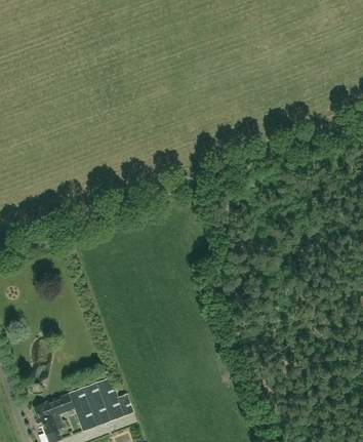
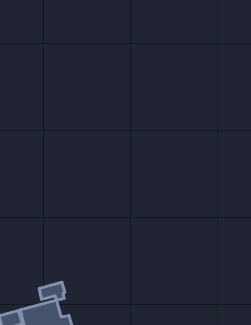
building: none -> [39,282,65,300]

